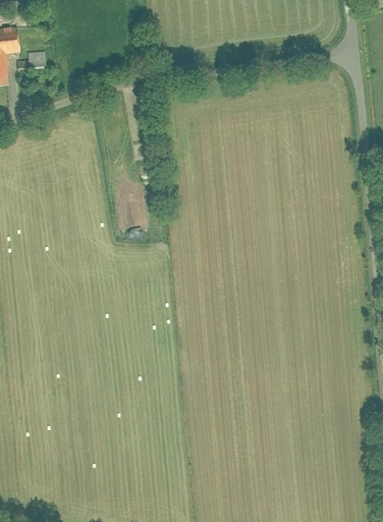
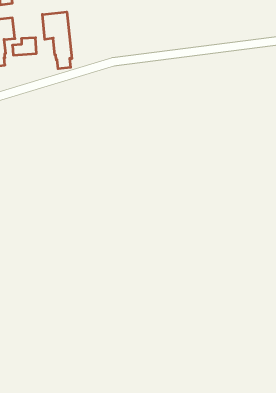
building: none -> [42,12,72,69]

